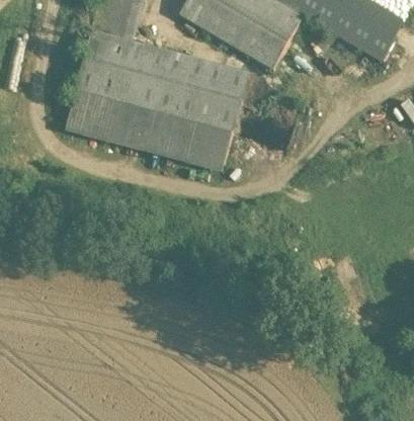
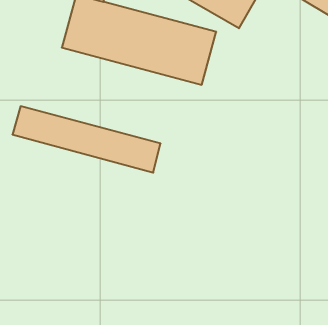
building: [66,90,231,164] -> [12,106,161,173]

